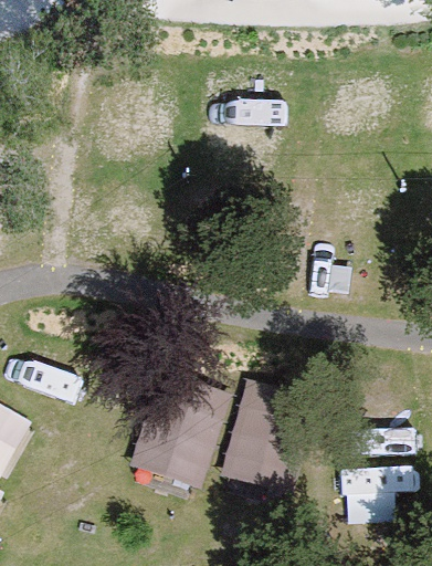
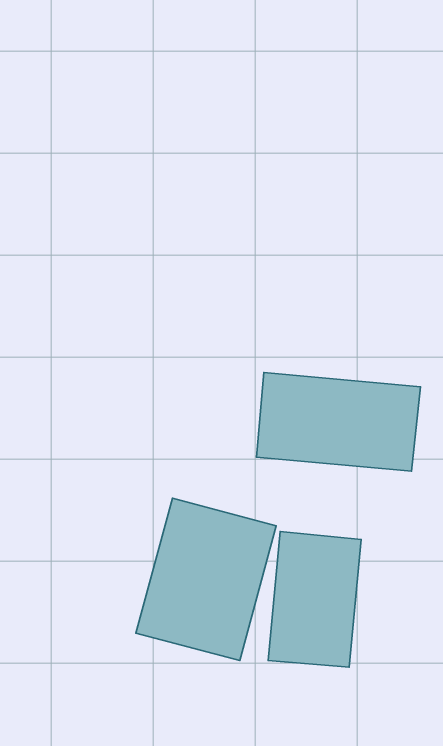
building: none -> [257,372,421,471]

